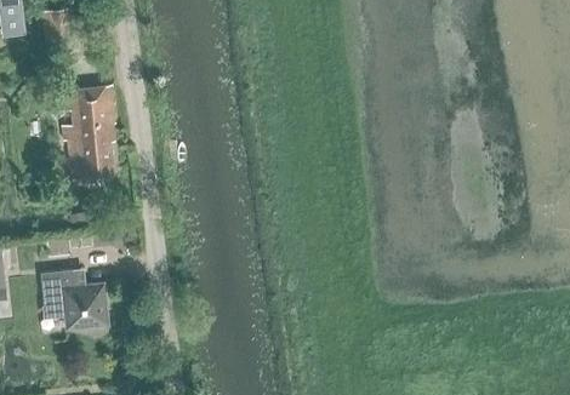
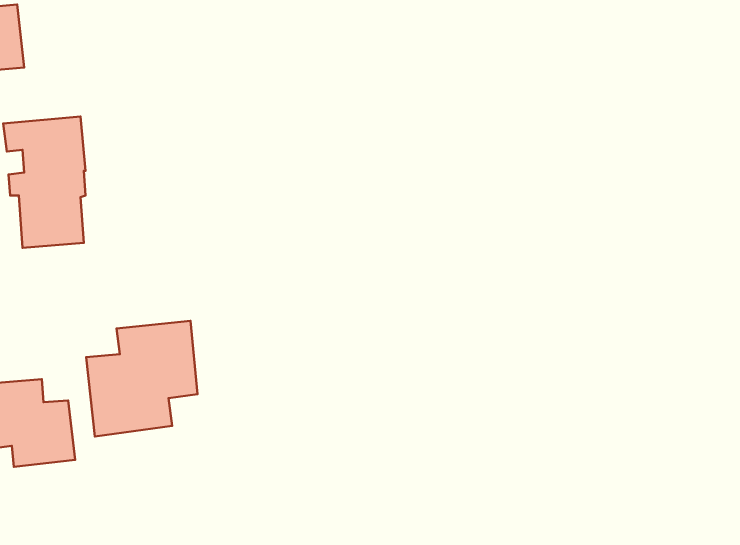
building: none -> [86,321,198,436]

